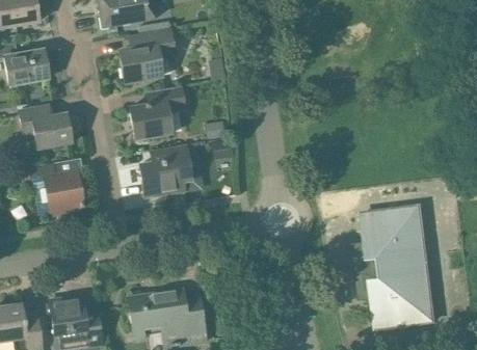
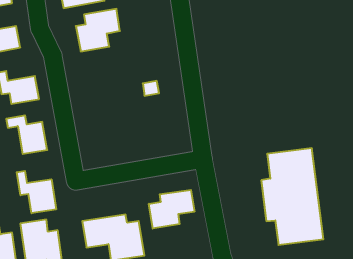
building: [130,85,185,140] -> none
building: [139,143,190,196] -> none
building: none -> [17,171,56,213]
building: none -> [149,190,194,229]

